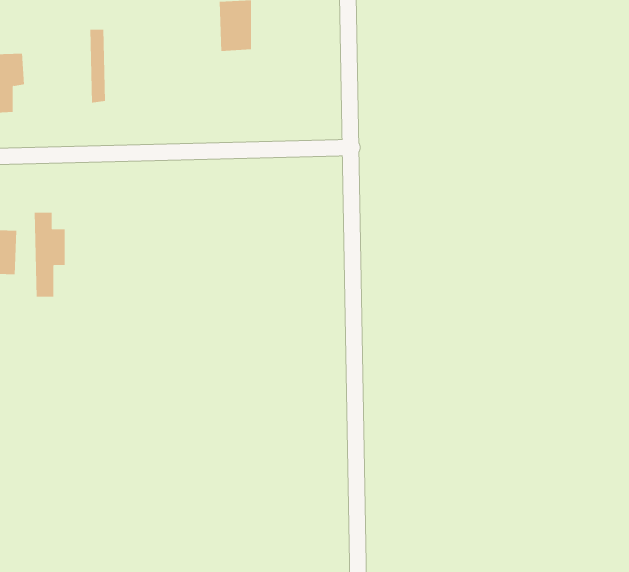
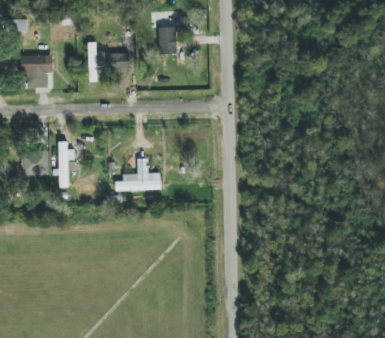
building: none -> [108,52,130,70]
building: none -> [115,173,161,191]

